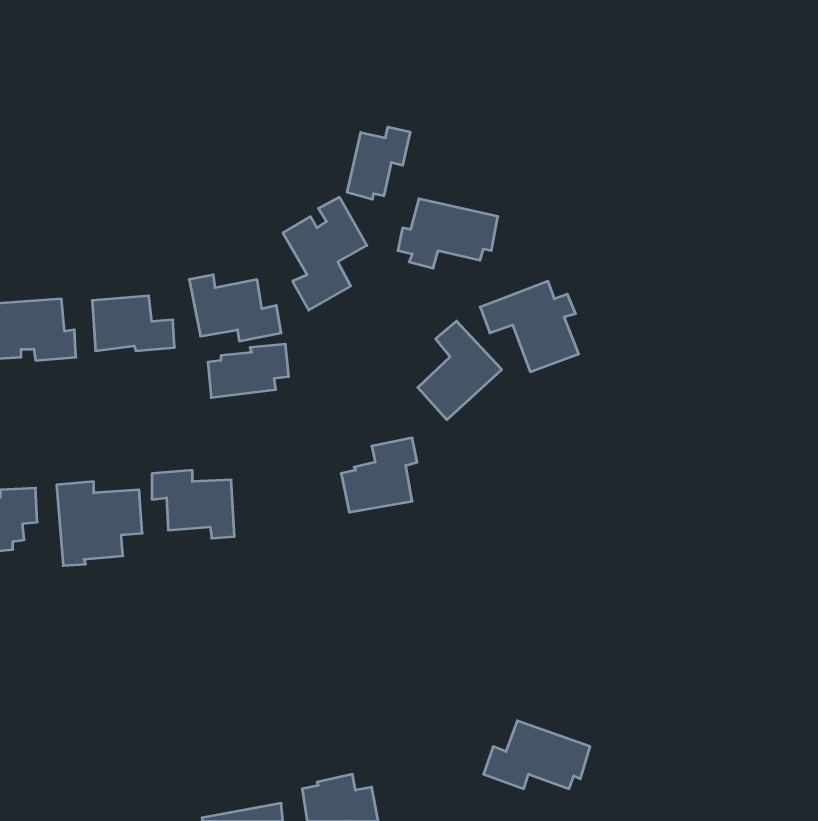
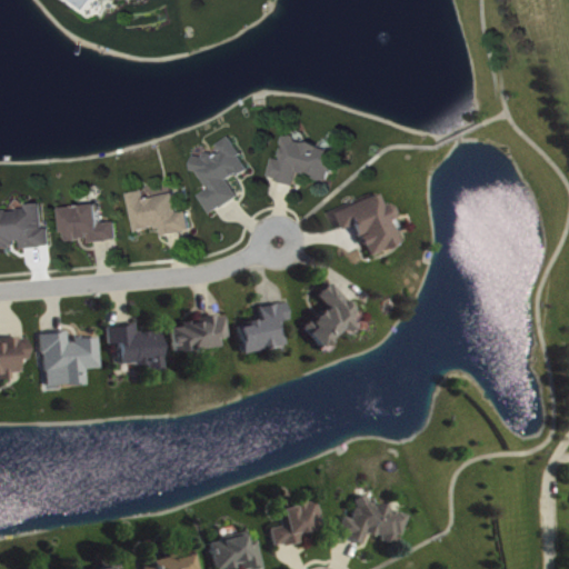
building: [347,127,410,199] -> none
building: [418,321,502,420] -> [301,281,359,349]
building: [208,344,289,398] -> [169,315,224,351]
building: none -> [268,500,319,547]

